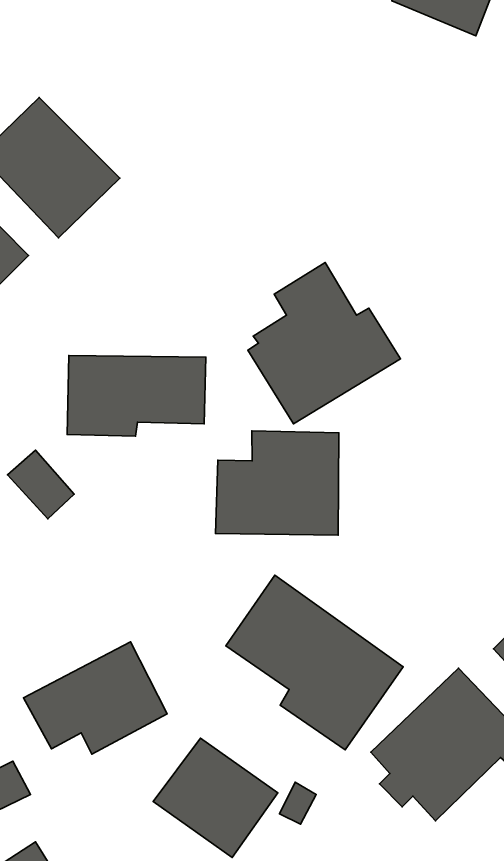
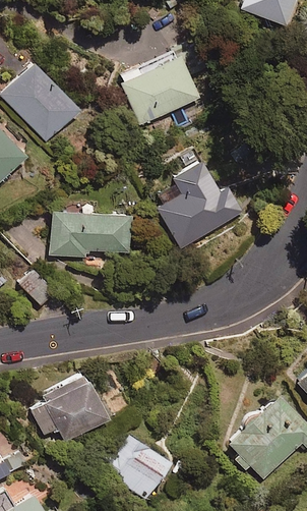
building: none -> [117,45,213,127]
building: [216,431,339,535] -> none
building: [226,575,403,750] -> none

